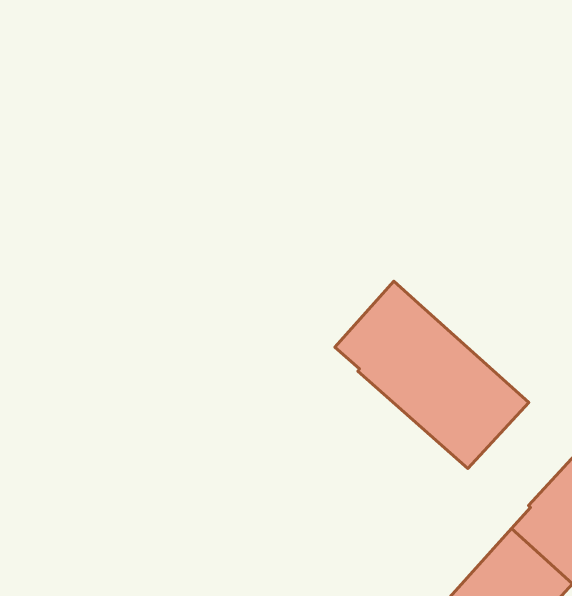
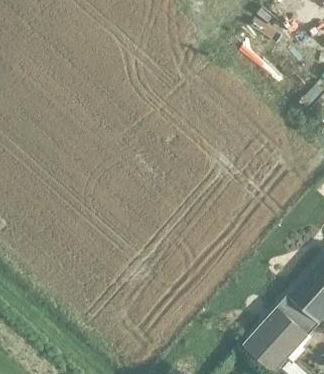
building: [335,281,529,469] -> none

